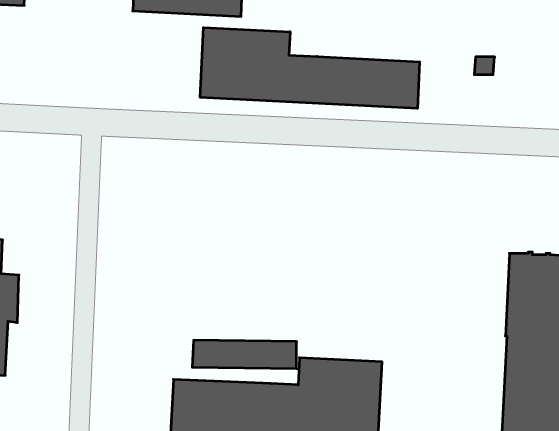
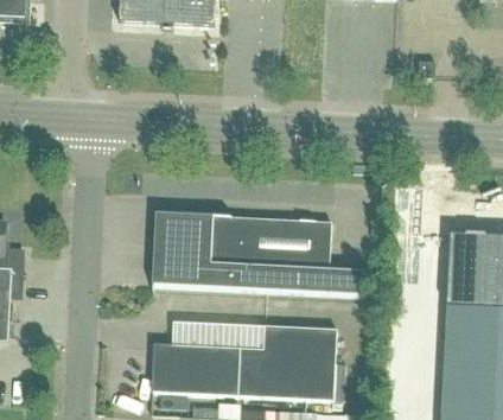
building: [200,28,420,108] -> none
building: none -> [152,214,363,295]

